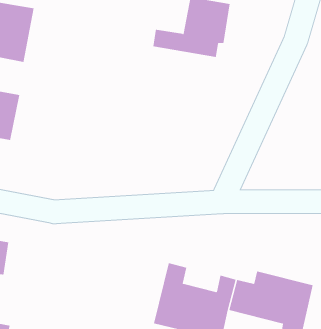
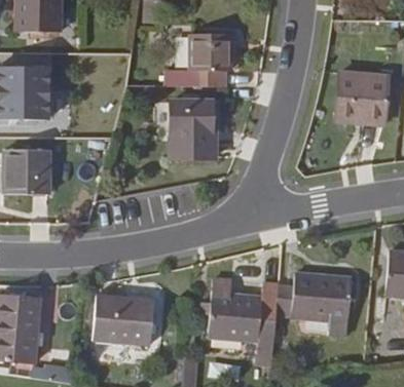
building: none -> [175,98,221,154]
building: none -> [93,296,154,345]

